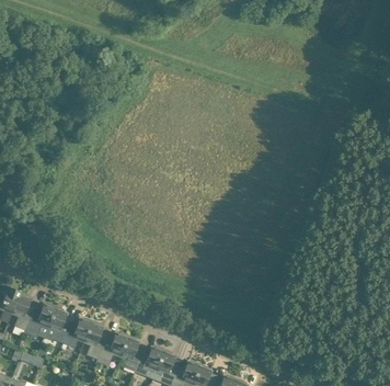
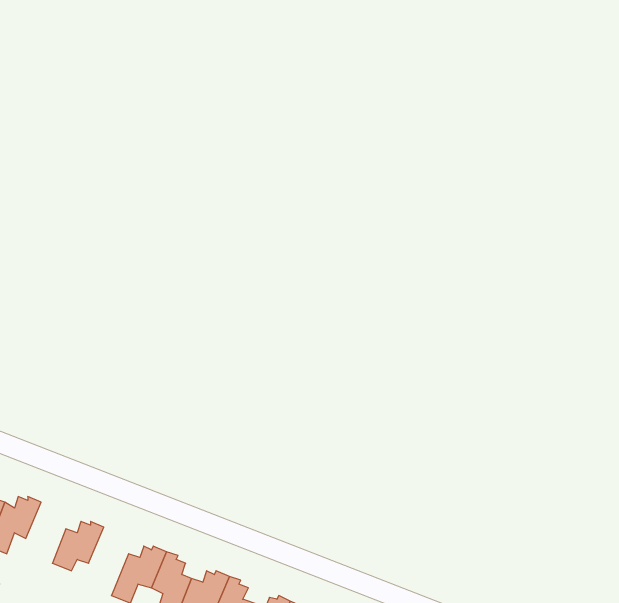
building: [44,306,70,341] -> none
building: [83,320,106,357] -> none

